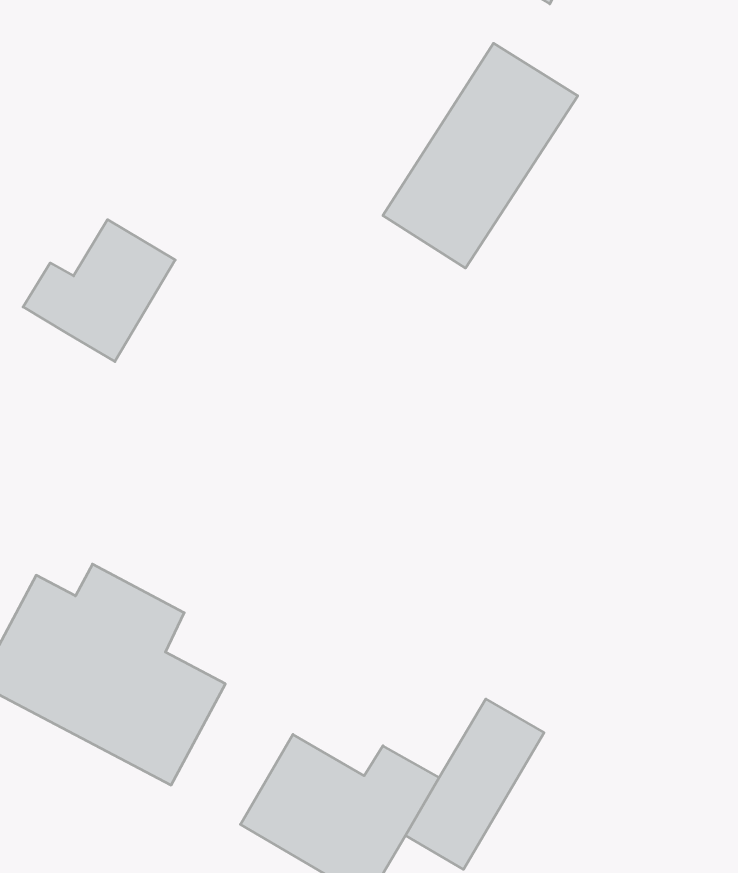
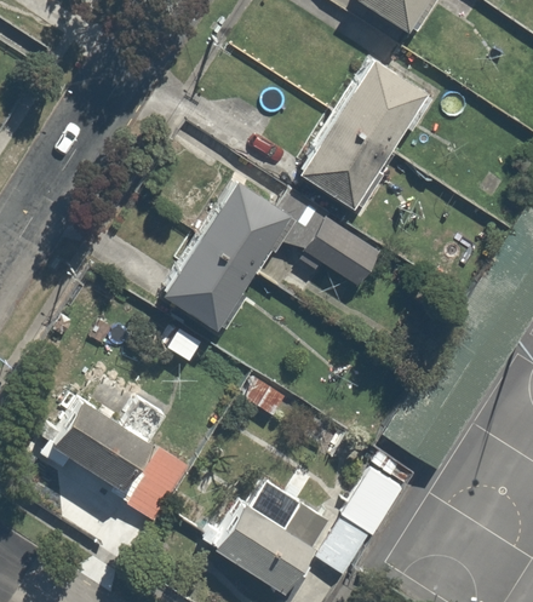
building: none -> [166,167,388,327]
building: [23,220,175,362] -> none

